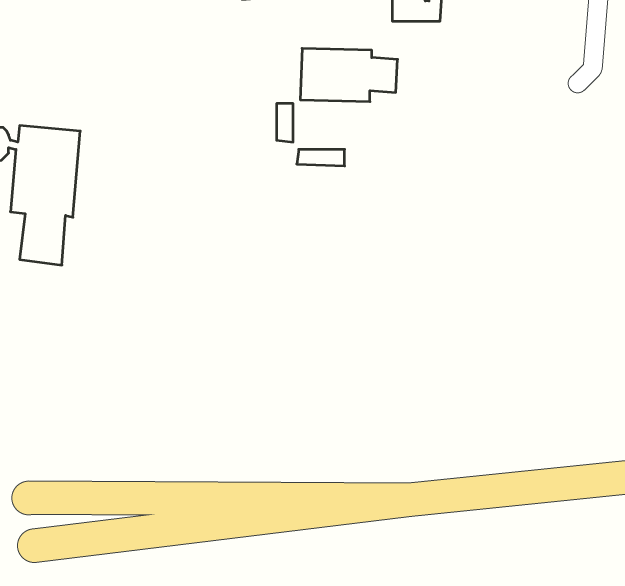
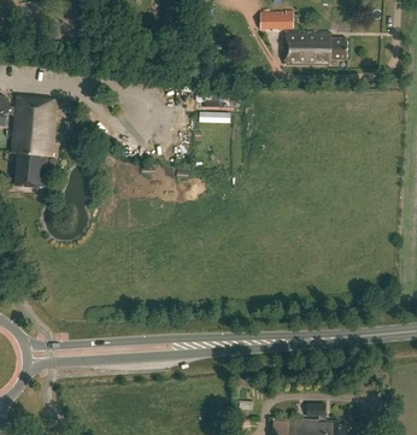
building: [300,48,398,102] -> [284,30,348,65]

